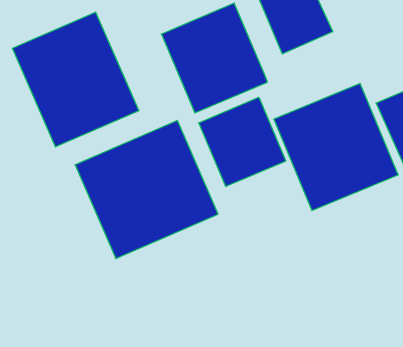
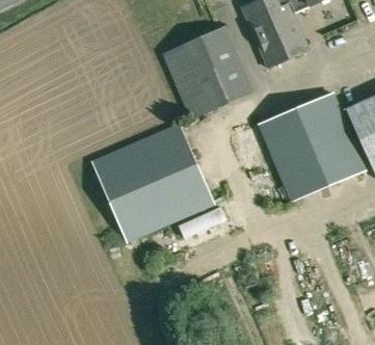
building: [12,12,139,147] -> none
building: [199,97,286,187] -> none

